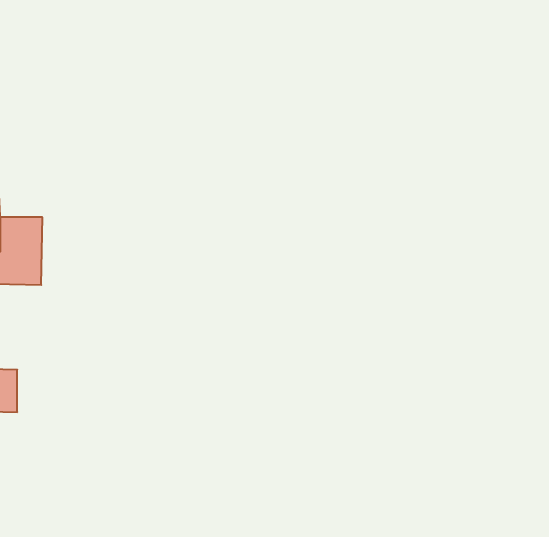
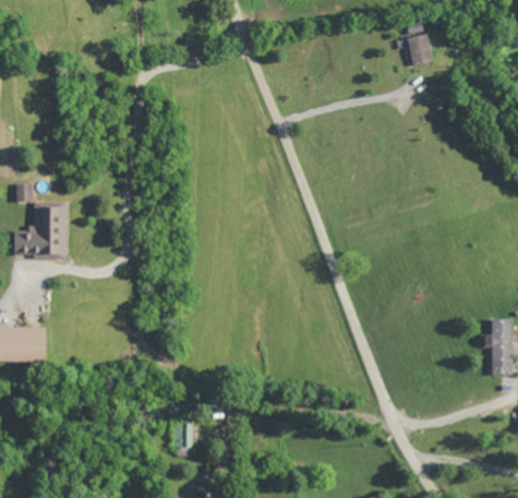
building: none -> [408,33,433,64]
building: none -> [172,423,193,456]

